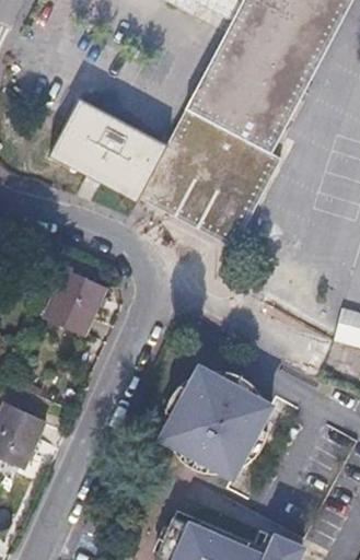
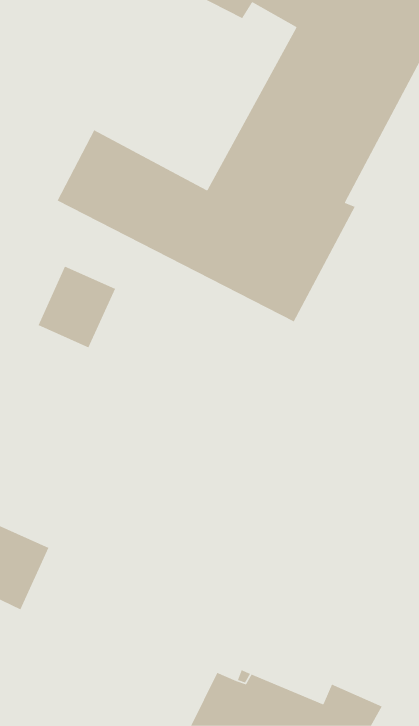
building: [43,270,103,334] -> [37,265,116,348]
building: [160,369,277,486] -> none

